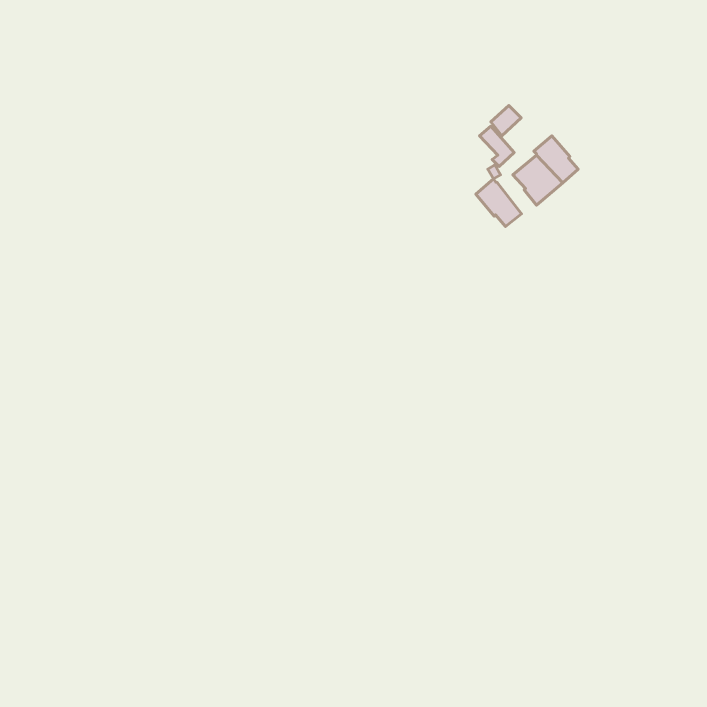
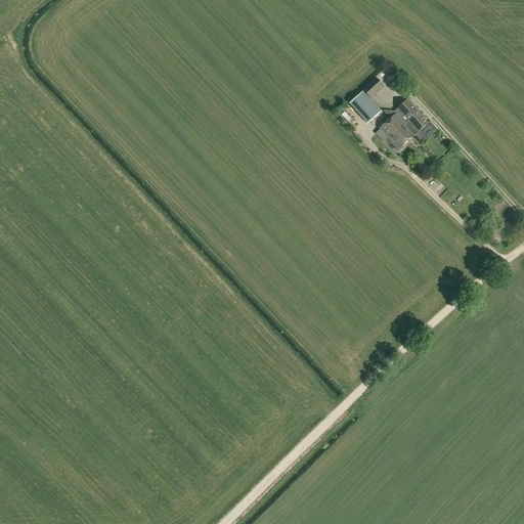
building: [476,179,521,227] -> none

